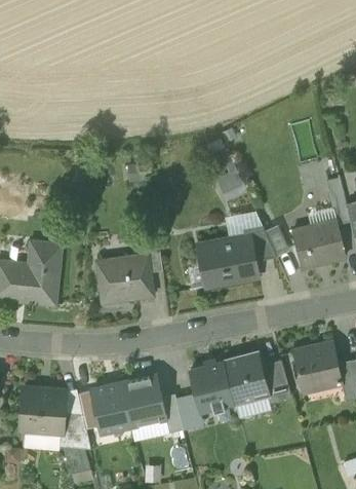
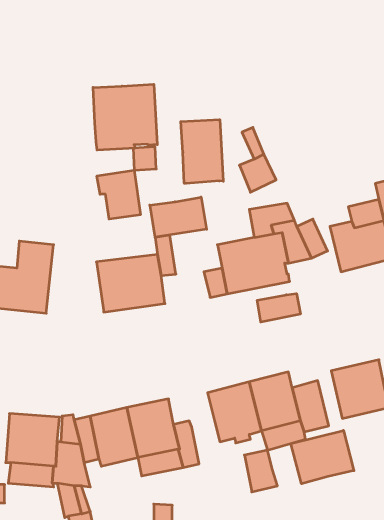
building: none -> [93,84,157,150]
building: none -> [181,120,223,183]
building: none -> [97,170,140,219]
building: none -> [150,197,207,237]
building: none -> [257,294,300,322]
building: [176,394,204,429] -> [244,450,277,492]
building: none -> [291,430,354,484]

